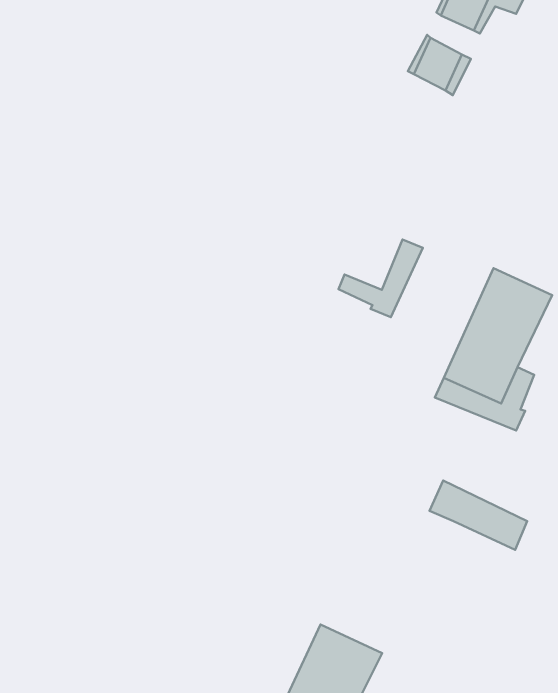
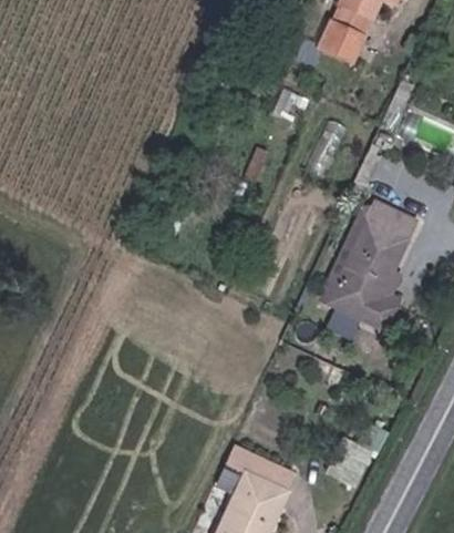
building: [338,240,423,317] -> none
building: [430,481,527,550] -> [223,443,295,494]

